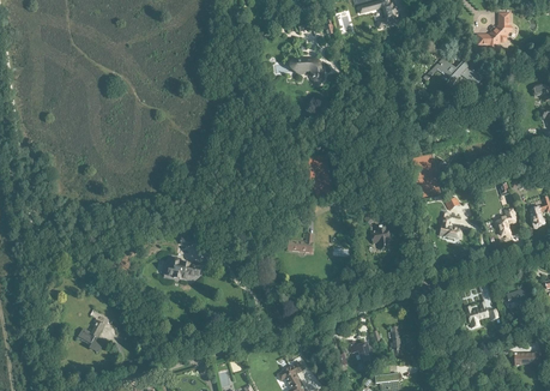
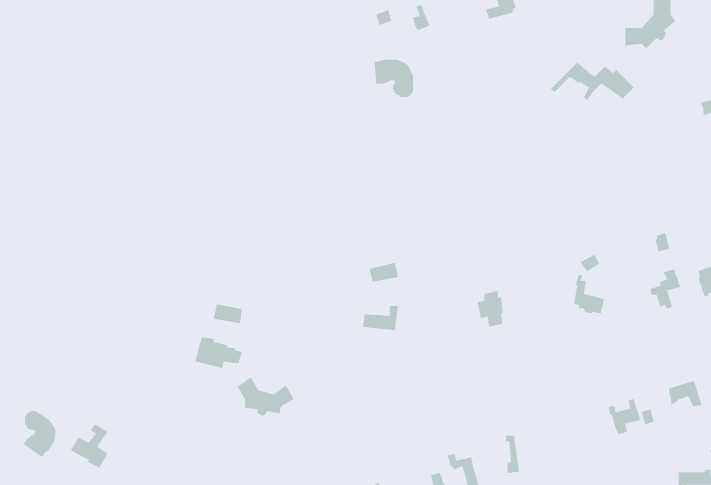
building: none -> [237,376,294,416]
building: none -> [23,410,56,457]

